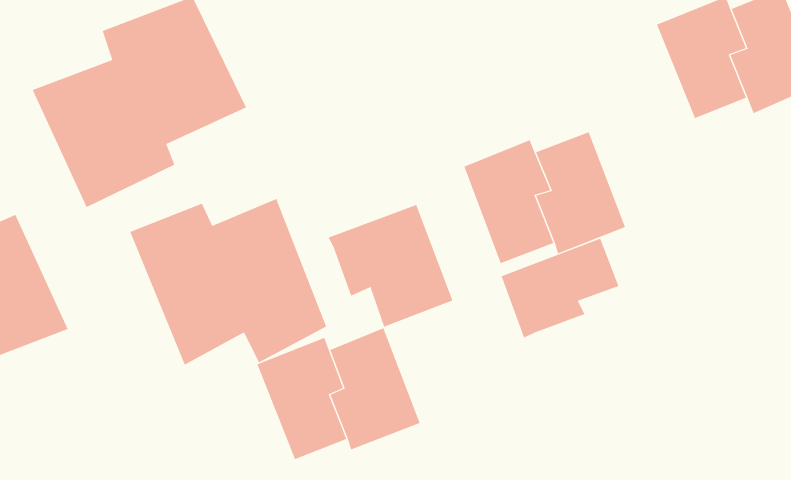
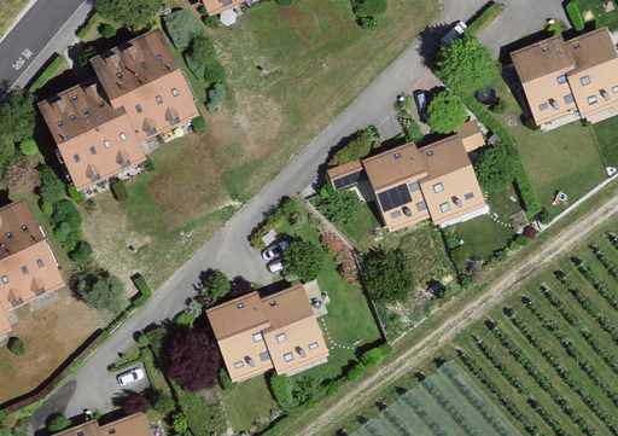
building: [129,198,327,365] -> none
building: [328,204,453,328] -> none
building: [501,238,619,338] -> none

